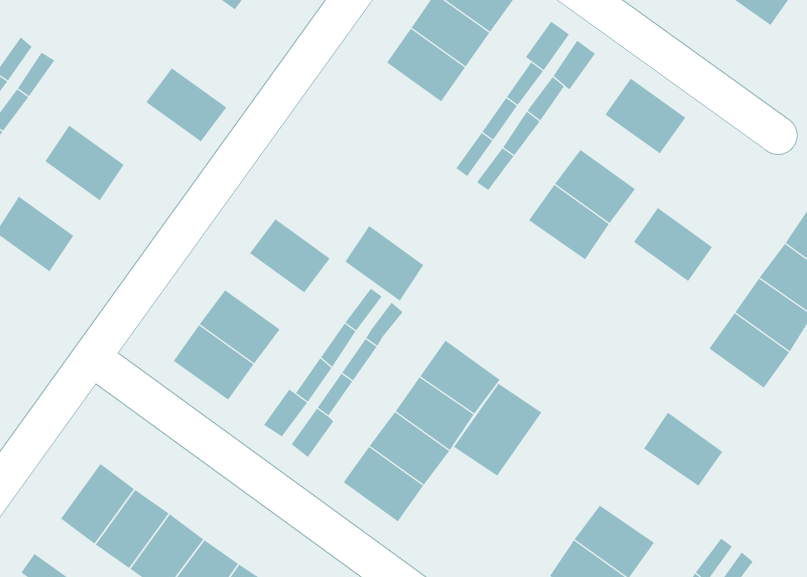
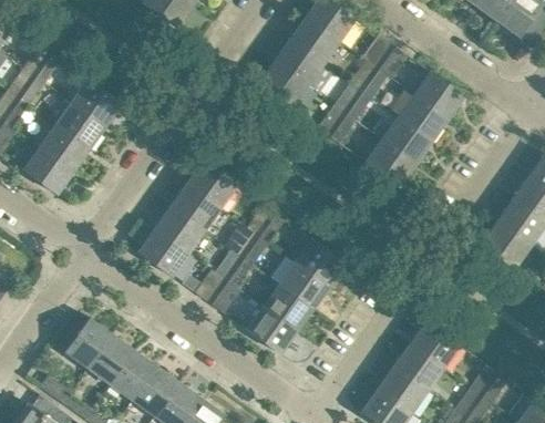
building: none -> [256,61,308,110]
building: [146,68,227,142] -> [70,79,122,126]
building: none -> [38,124,90,172]
building: [633,207,713,282] -> [397,94,448,142]
building: [345,225,424,301] -> [169,183,220,231]
building: [453,383,542,477] -> none
building: [643,412,723,487] -> [409,320,460,368]

